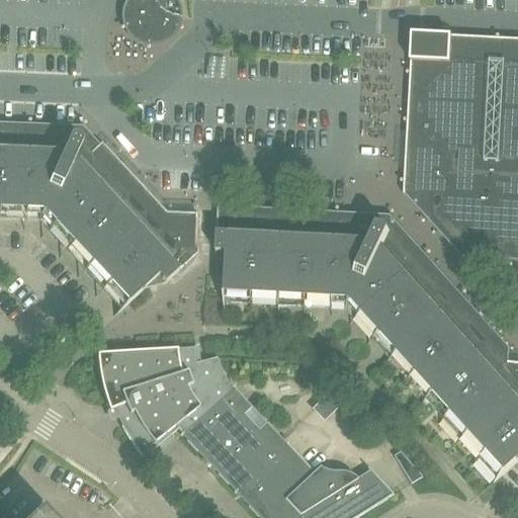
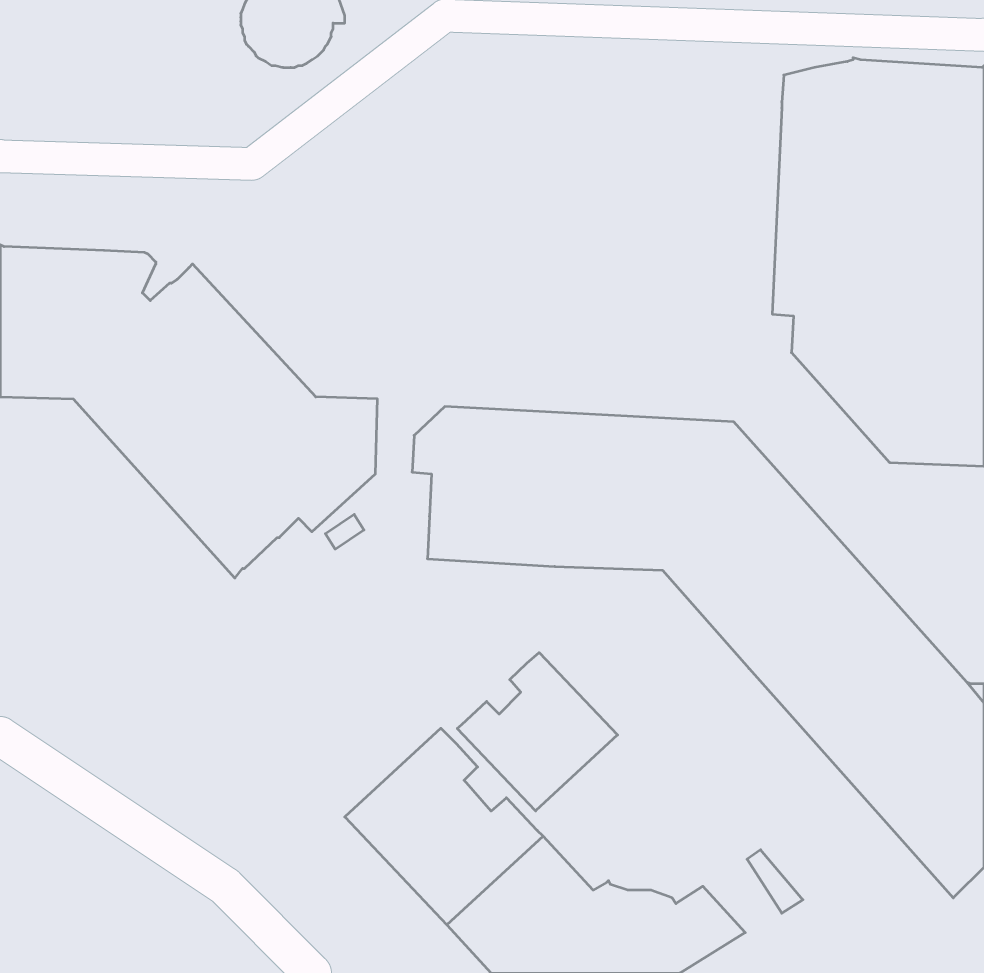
building: [96,334,232,453] -> none
building: none -> [457,653,618,811]

